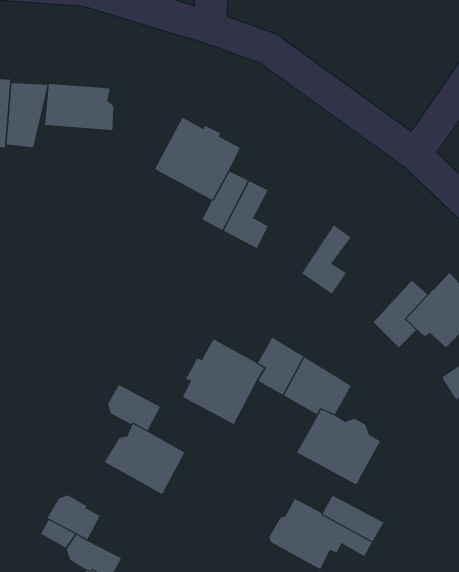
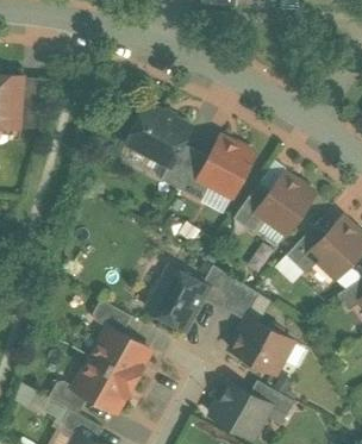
building: [44,83,114,131] -> none
building: none -> [200,138,254,192]
building: none -> [257,174,314,230]
building: none -> [77,357,133,412]

